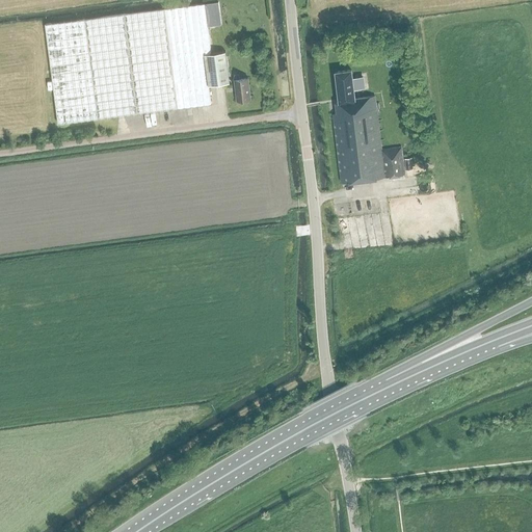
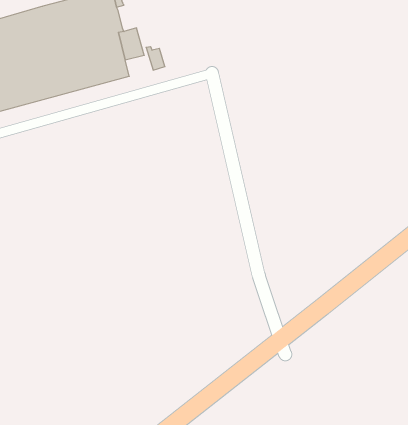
building: [332,72,404,184] -> none

